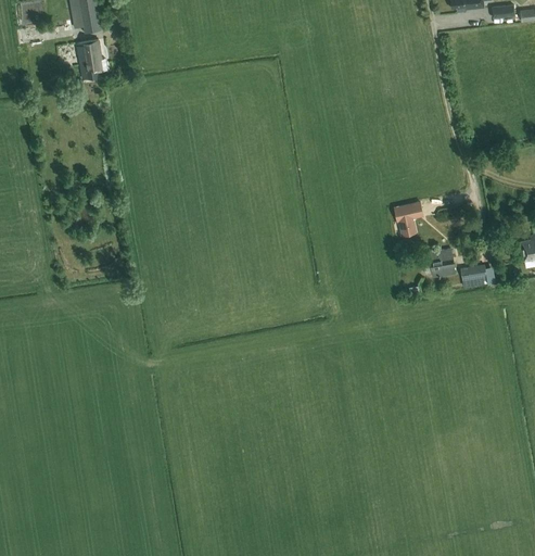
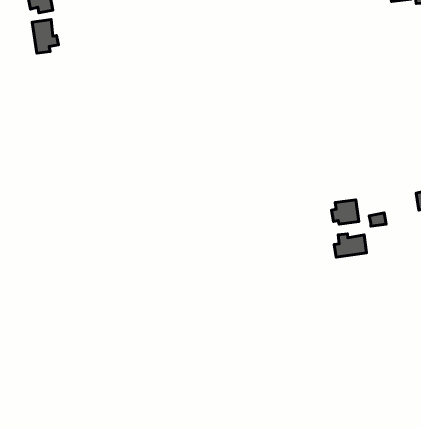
building: [394,202,423,236] -> none
building: none -> [334,234,367,257]

